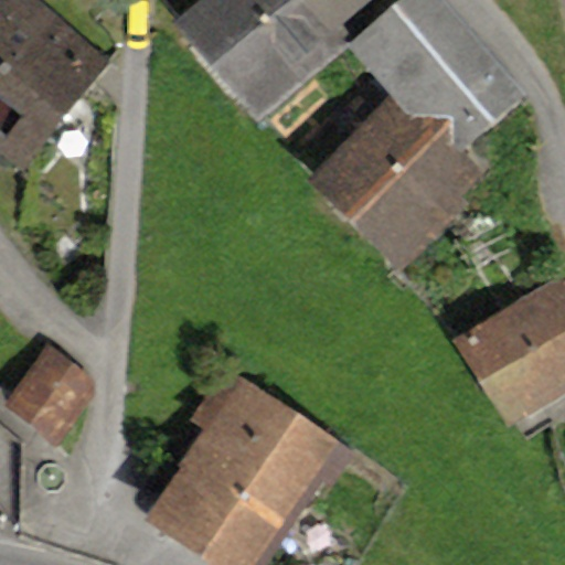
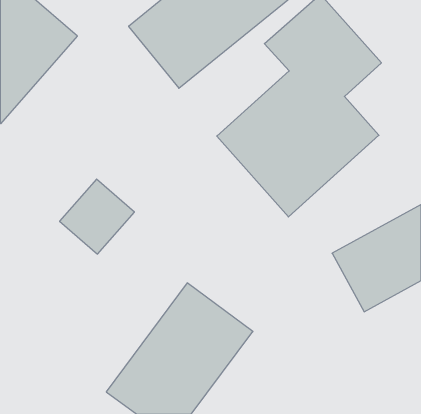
building: [13,344,114,445] -> [60,179,134,254]

